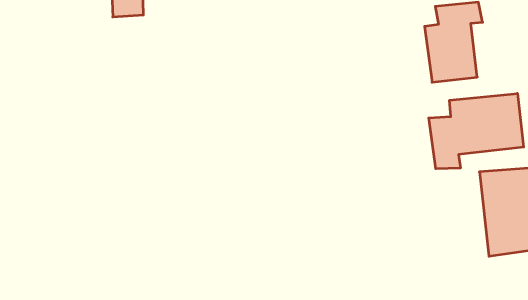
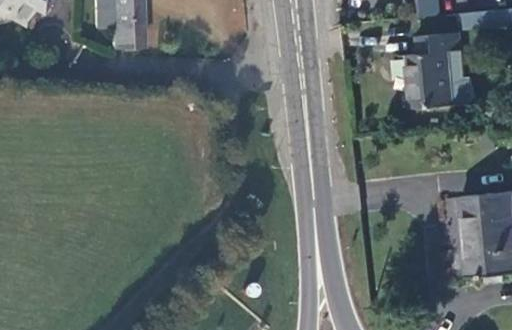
building: [429,93,524,169] -> none

